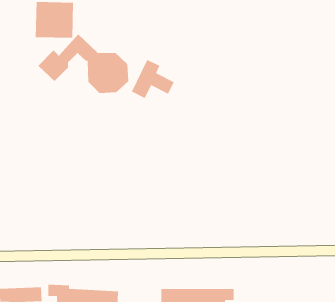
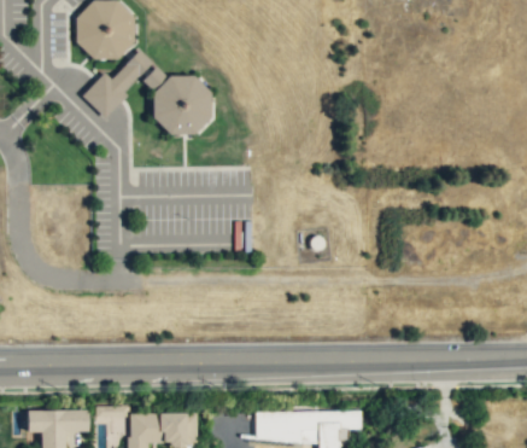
building: [131,59,175,99] -> none

